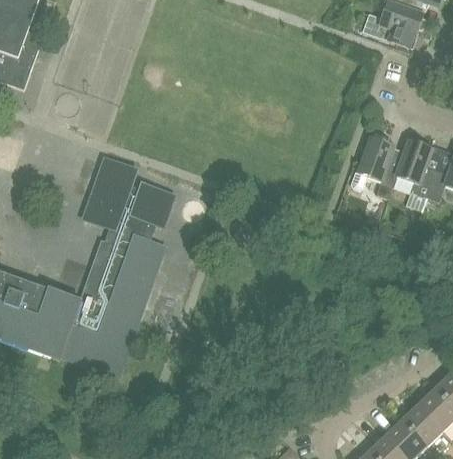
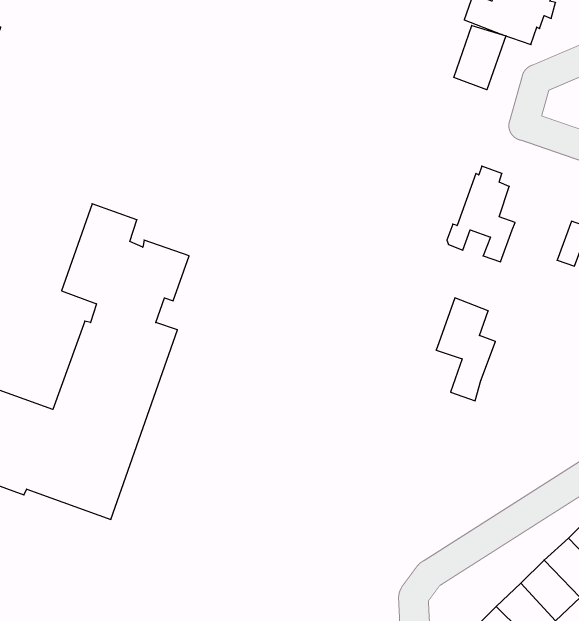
building: none -> [454,25,506,90]
building: [396,139,437,210] -> [436,298,495,401]

